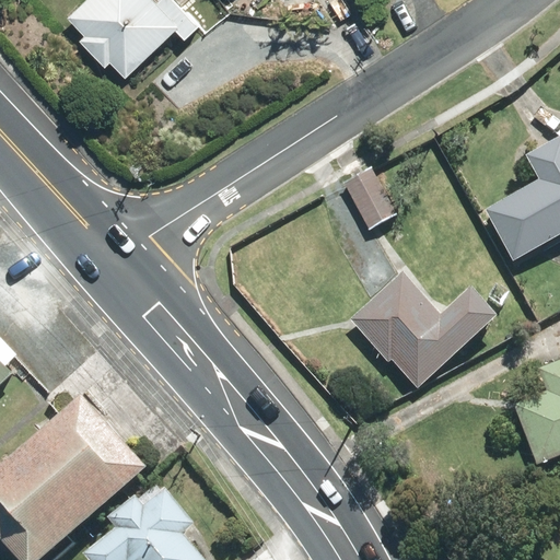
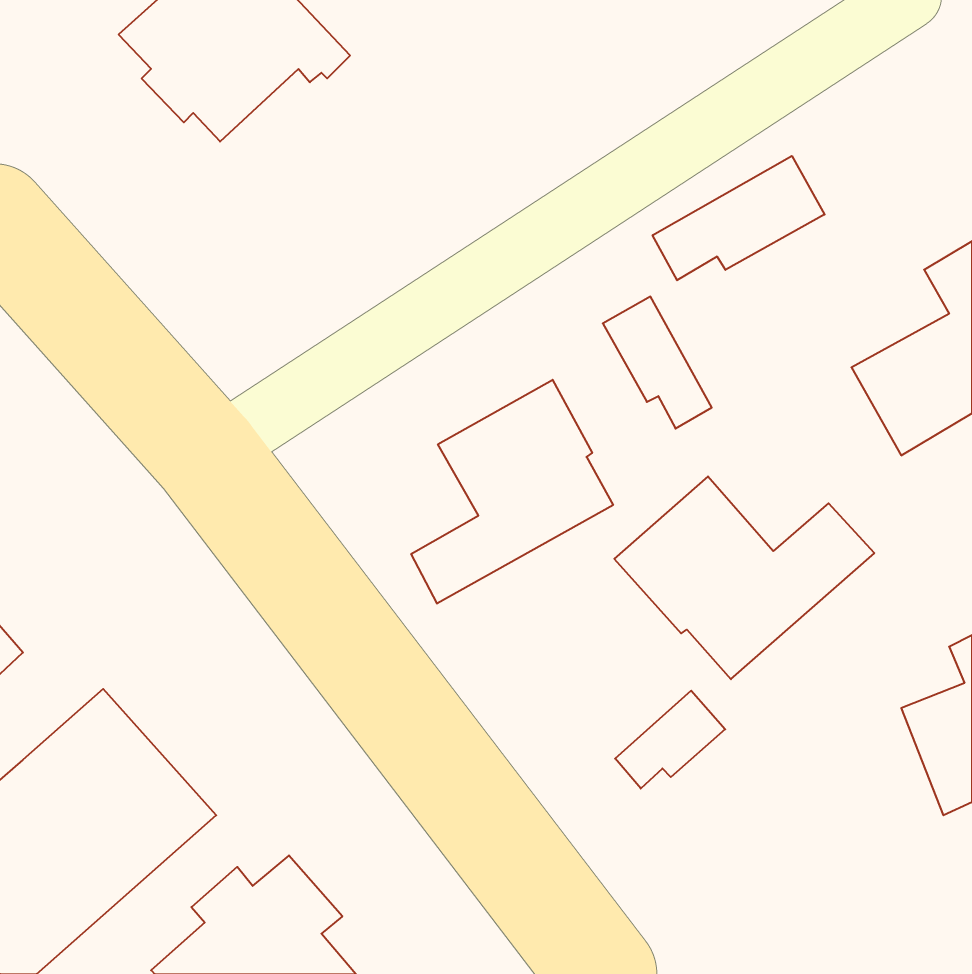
building: none -> [653,156,825,280]
building: none -> [411,380,613,604]
building: none -> [615,691,725,789]

